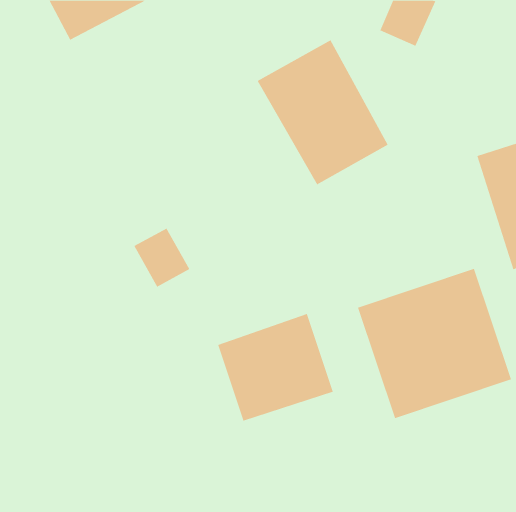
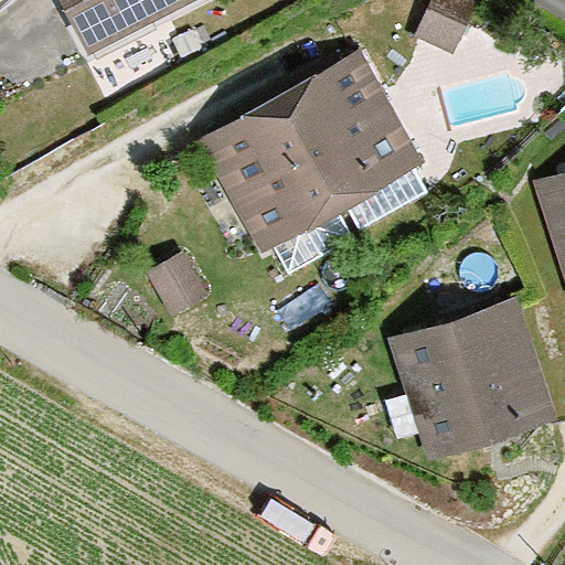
building: none -> [198,94,347,255]
building: [217,313,334,421] -> none

